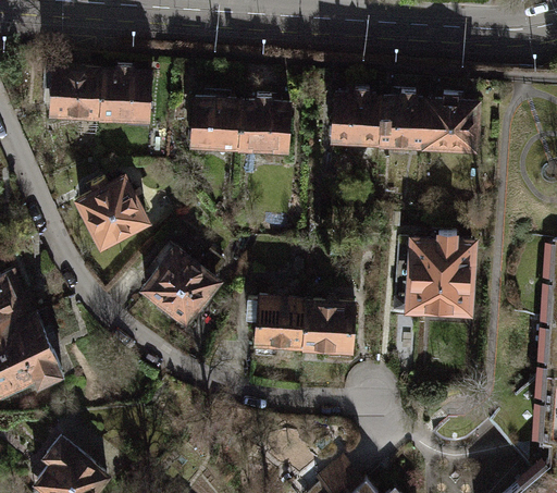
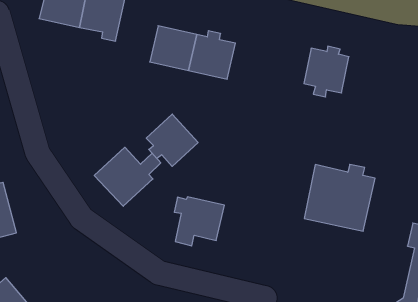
building: [331,93,381,145] -> none
building: [425,98,479,151] -> none
building: [77,181,146,248] -> none
building: none -> [146,114,198,166]
building: [302,305,355,362] -> none

